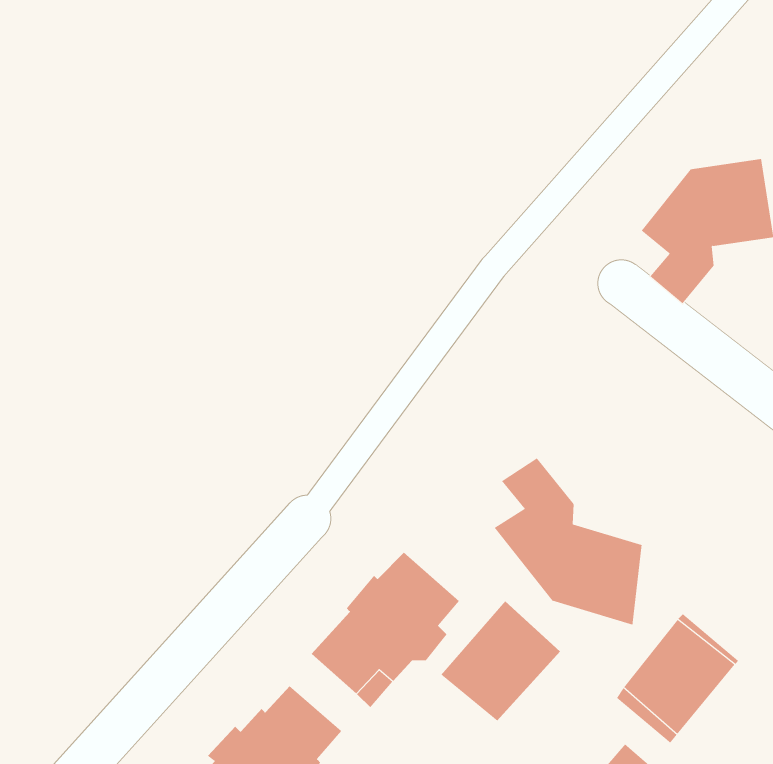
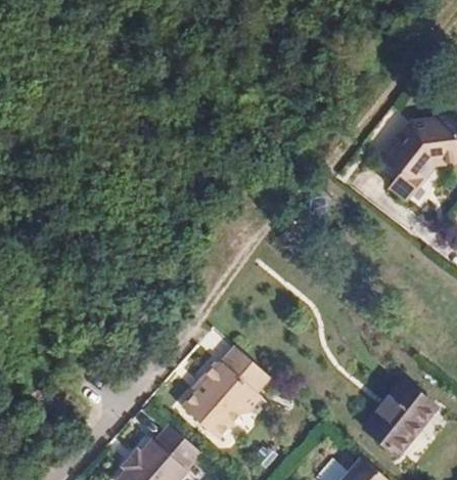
building: [494,457,642,625] -> none
building: [441,601,561,722] -> none

